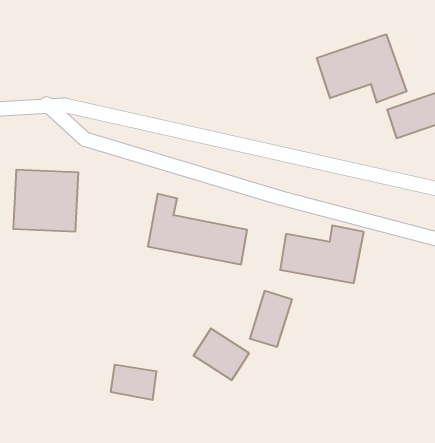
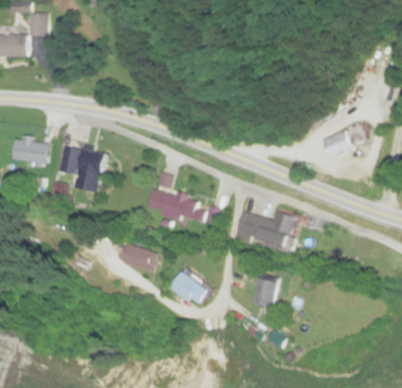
building: [317,34,406,103] -> none
building: [250,291,292,347] -> [247,276,279,315]
building: [111,365,157,400] -> [124,244,157,271]

